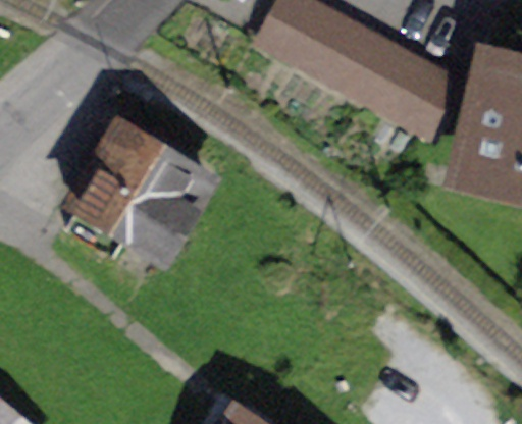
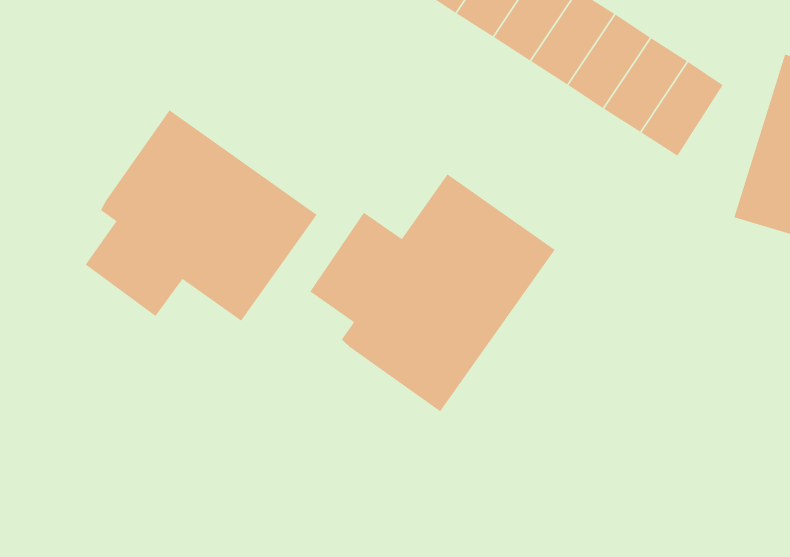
building: none -> [309,174,555,412]

